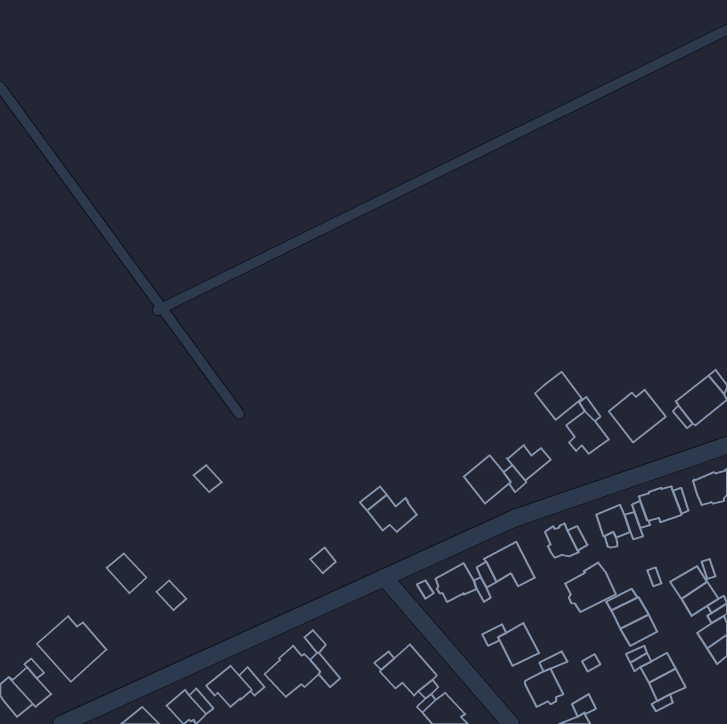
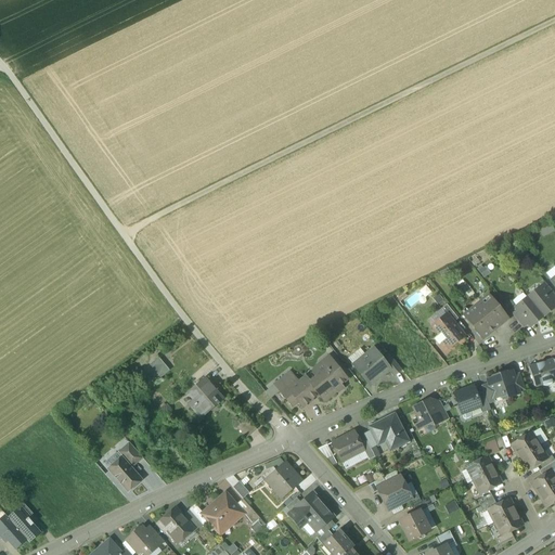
building: [535,372,582,420] -> none
building: [507,445,551,481] -> none
building: none -> [311,361,346,399]
building: none -> [186,376,223,414]
building: [107,553,146,593] -> [111,460,141,490]
building: [565,562,616,612] -> none
building: none -> [263,460,302,498]
building: [37,616,107,682] -> none

